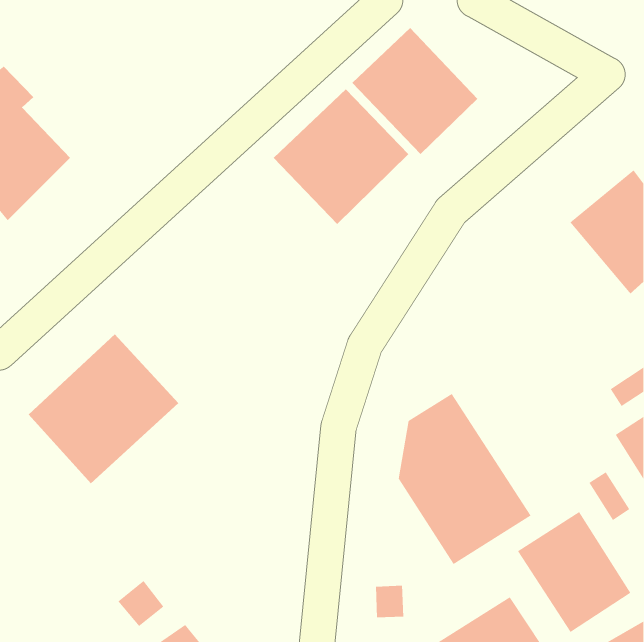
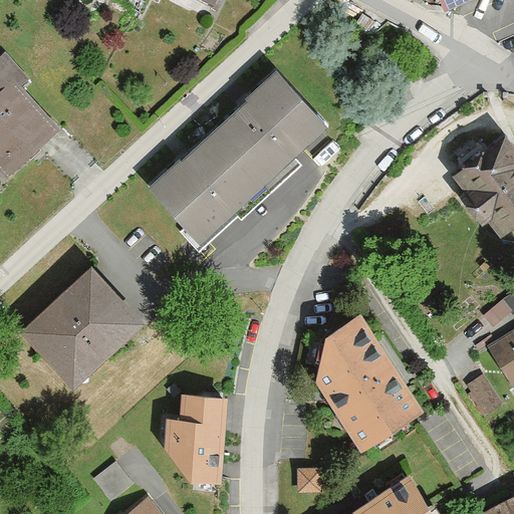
building: [352,27,478,155] -> none
building: none -> [152,128,268,244]
building: none -> [165,396,225,483]
building: [517,511,631,633] -> none

